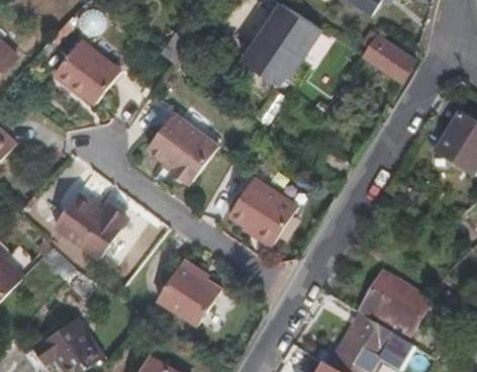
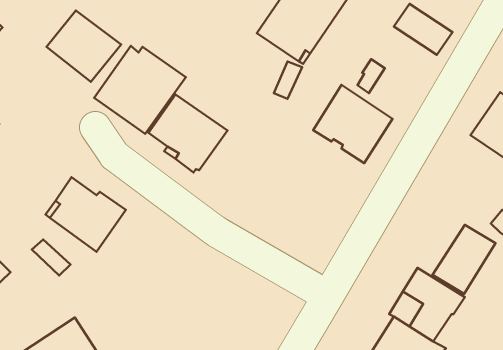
building: none -> [94,46,186,134]
building: [224,173,295,243] -> [313,85,392,163]
building: none -> [433,225,495,294]
building: [156,258,219,322] -> none

